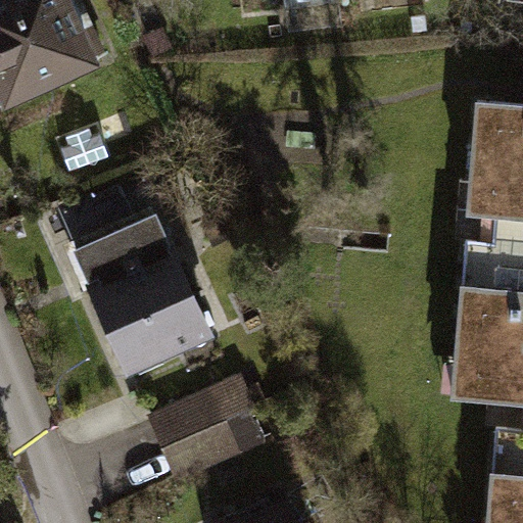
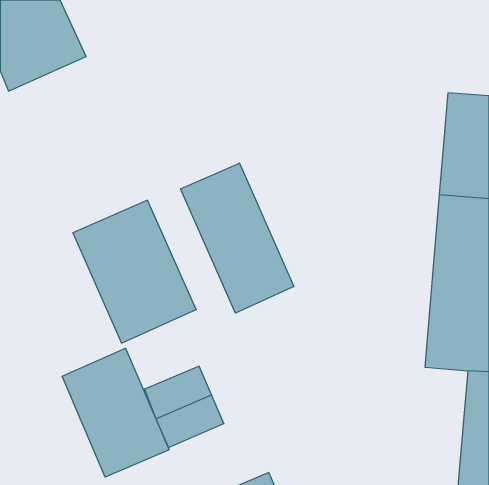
building: none -> [180,163,294,313]
building: none -> [62,348,169,477]

